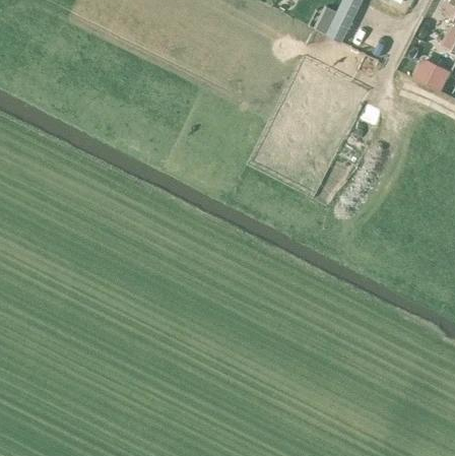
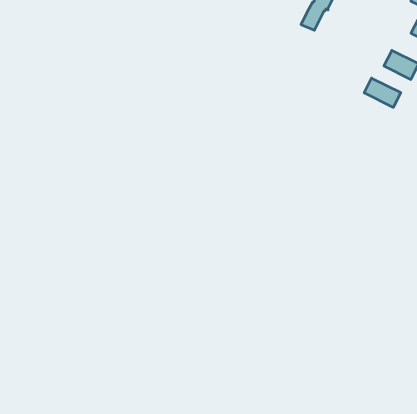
building: none -> [364,78,401,107]

